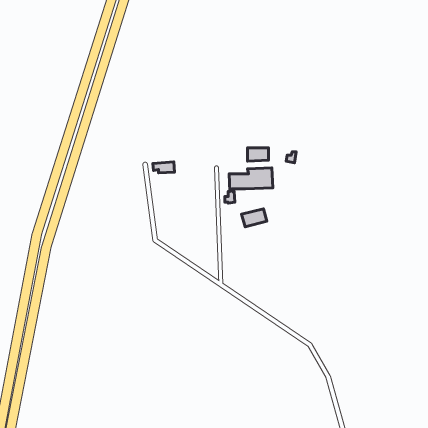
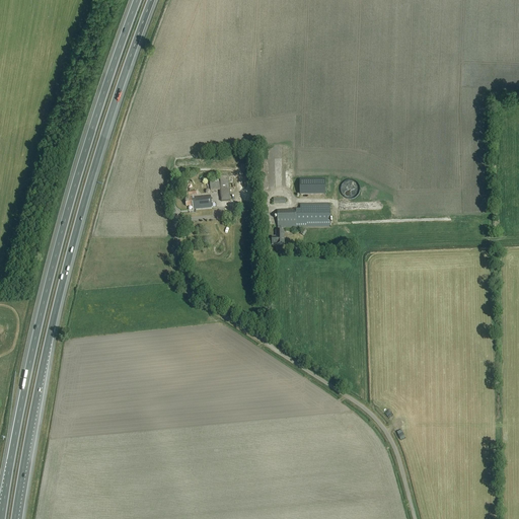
building: none -> [210,174,230,200]
building: [242,209,267,227] -> none

